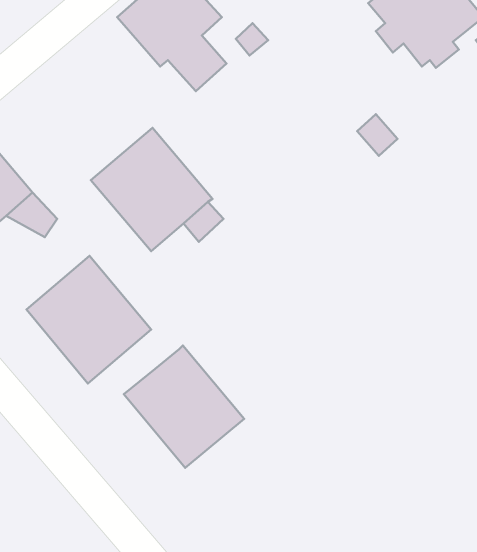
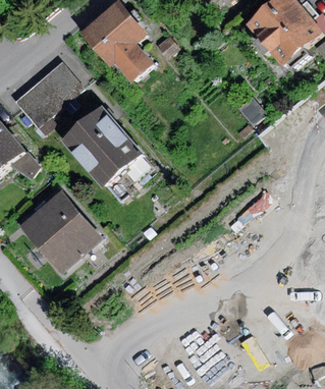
building: none -> [15,61,85,127]
building: [124,345,244,468] -> none

